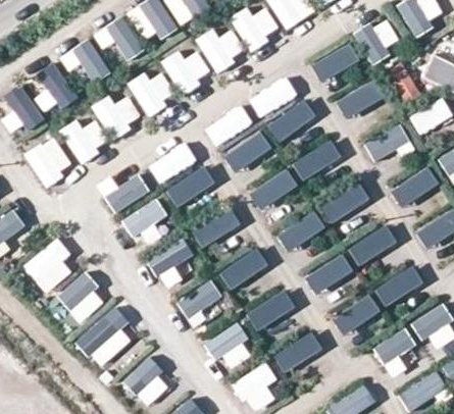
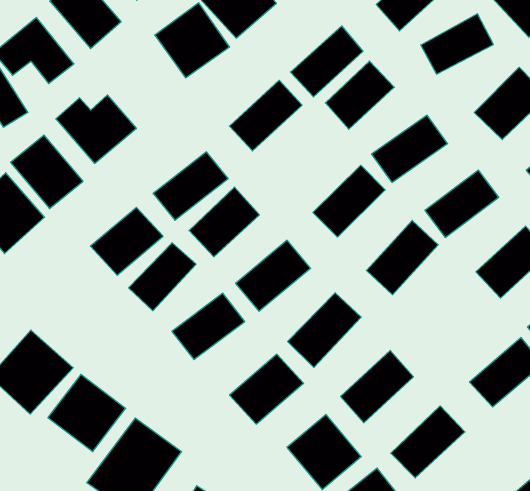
building: [129,68,176,116] -> none
building: [223,132,272,174] -> none
building: [302,254,352,294] -> none

